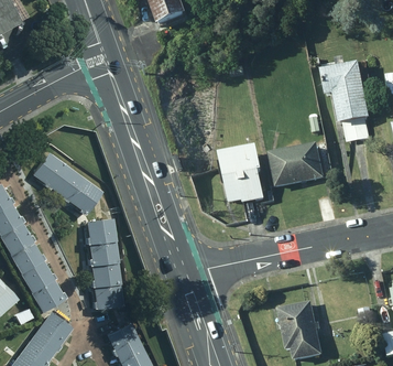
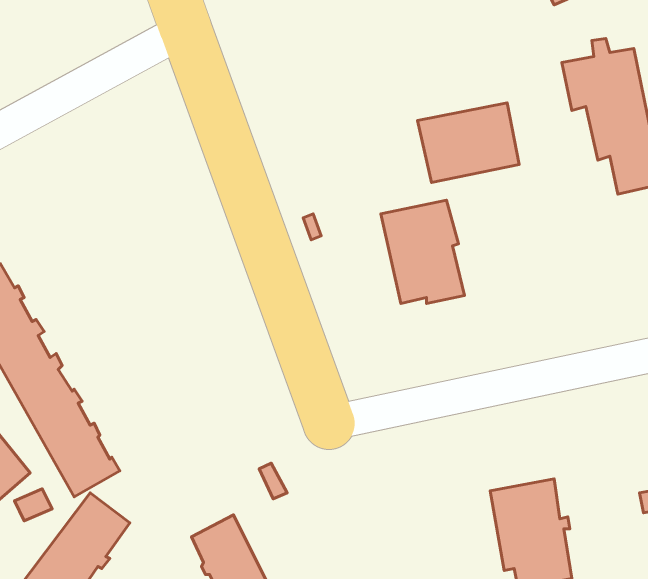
building: [264,144,320,189] -> [418,103,519,182]
building: [34,151,105,214] -> none
building: [88,217,124,310] -> none

